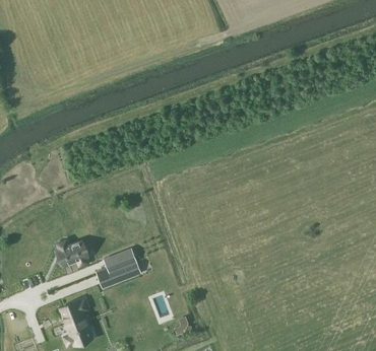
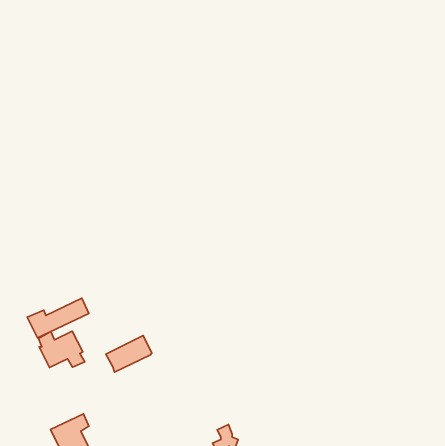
building: [96,263,139,288] -> [27,298,89,338]

